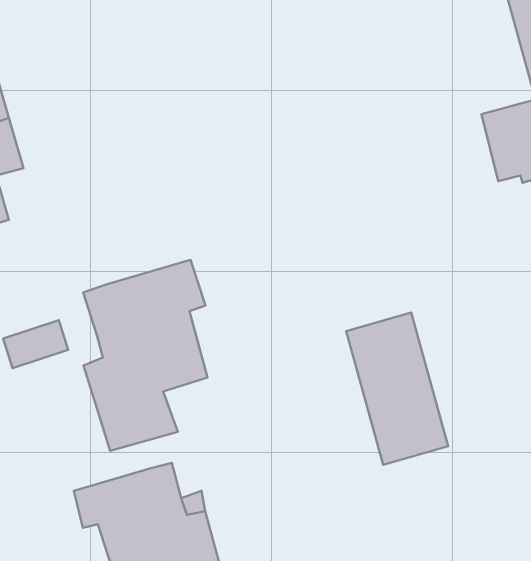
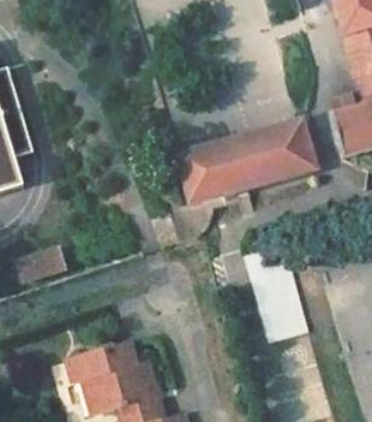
building: none -> [176,119,314,203]
building: [83,260,207,451] -> none

